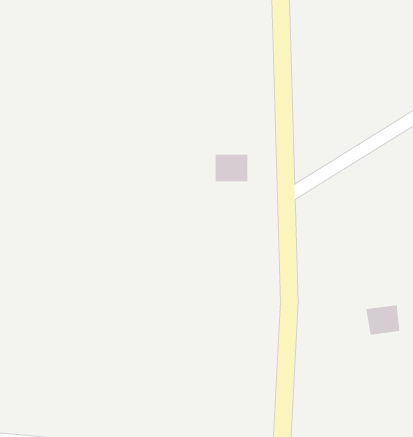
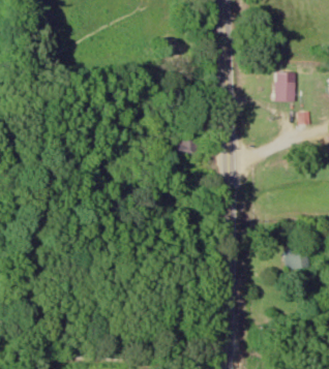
building: none -> [274,72,295,101]

